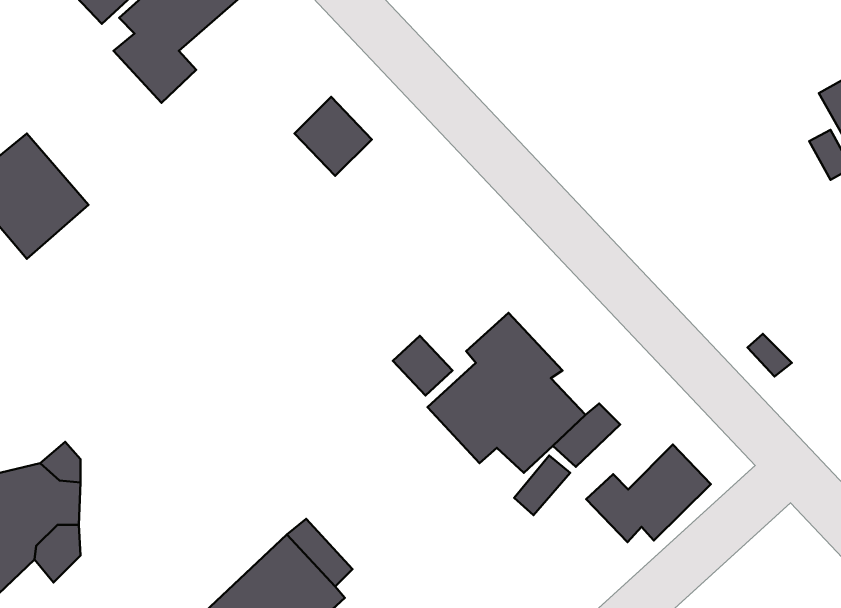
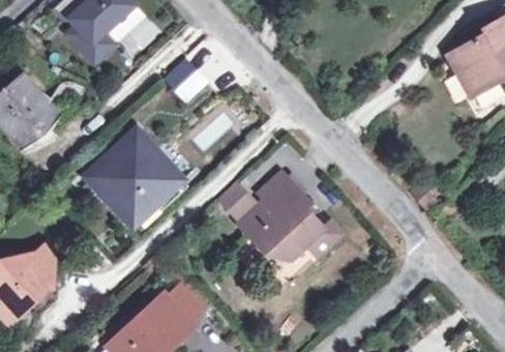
building: none -> [92,136,184,231]
building: [586,445,711,542] -> none

